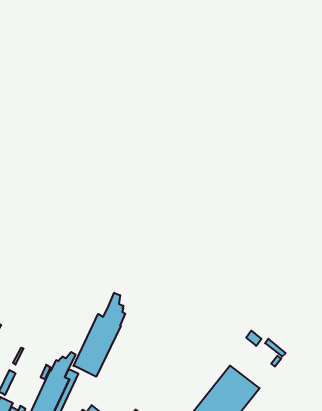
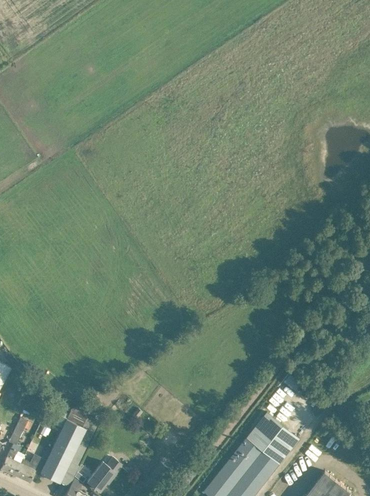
building: [73,293,125,377] -> none

